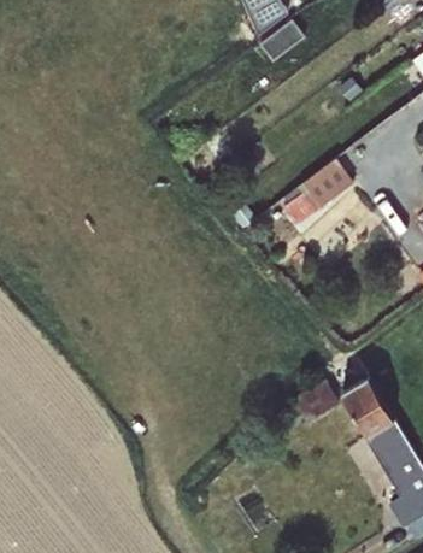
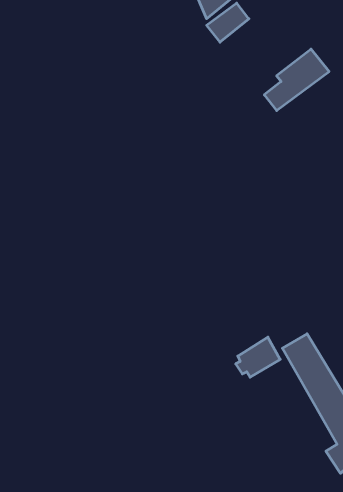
building: [284,158,354,224] -> [264,49,329,111]

